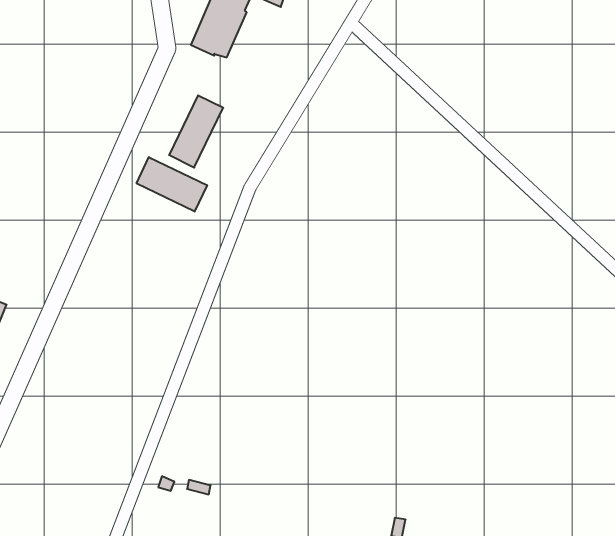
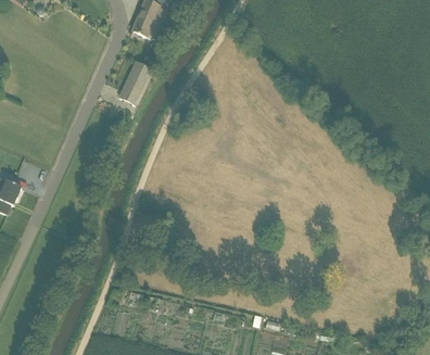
building: [137,157,207,212] -> none

